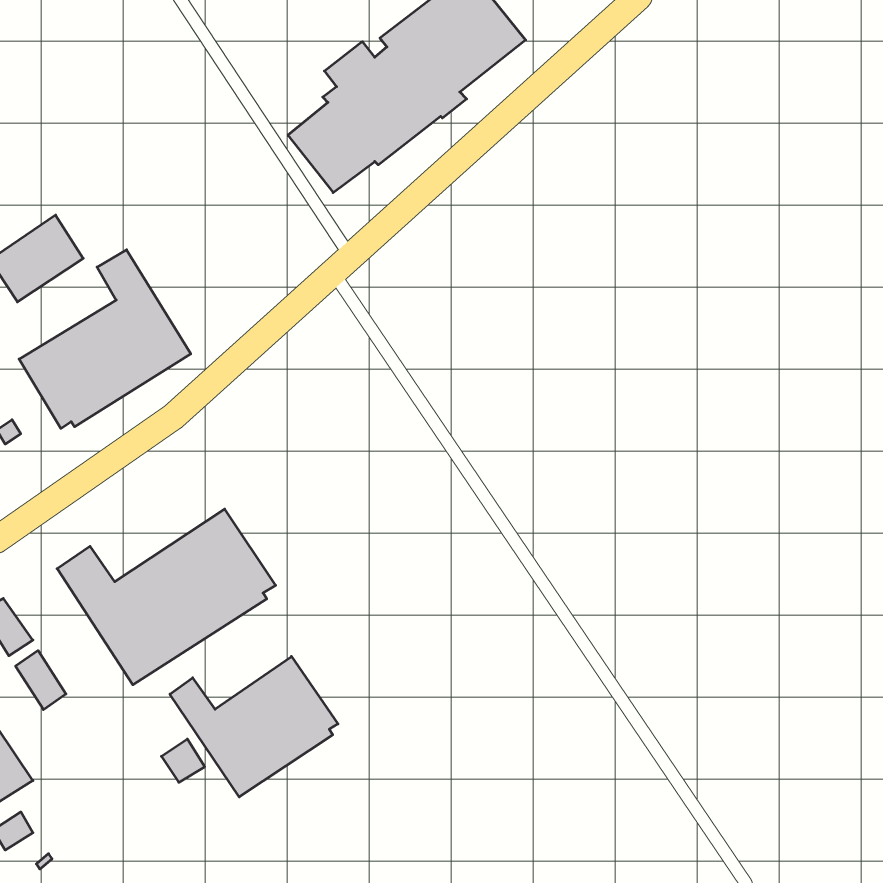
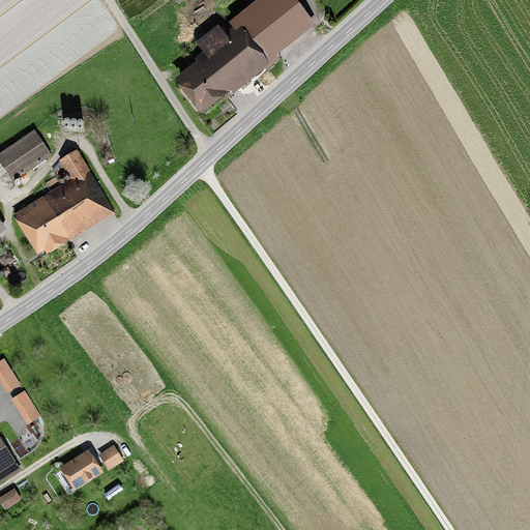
building: [57,509,276,685] -> none
building: [170,656,338,797] -> none
building: none -> [58,445,101,487]

